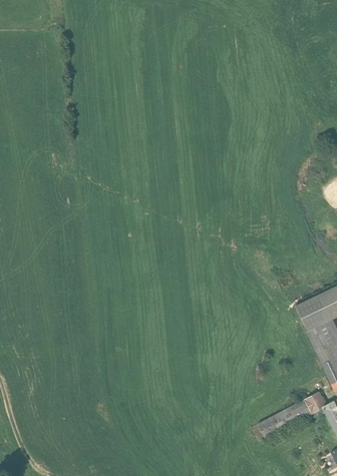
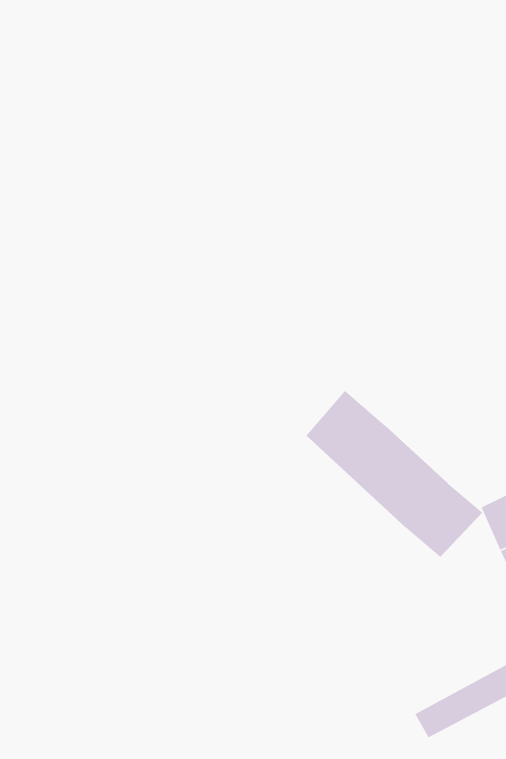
building: none -> [306,390,483,558]

